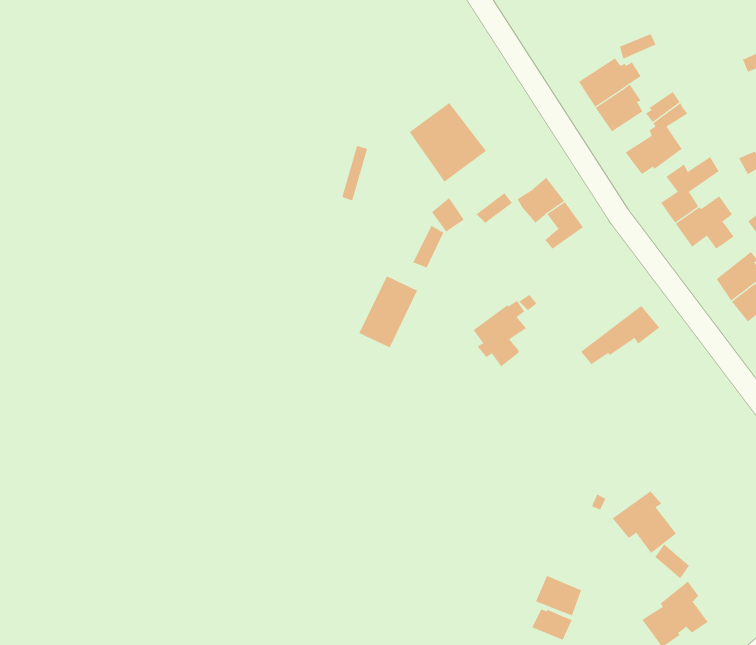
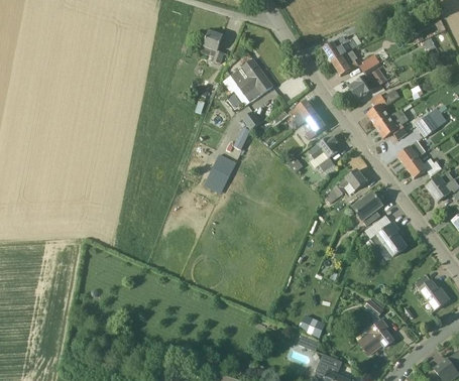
building: none -> [202,30,224,63]
building: [473,300,527,367] -> [309,136,338,172]
building: none -> [352,192,382,227]
building: [612,491,677,554] -> [371,223,407,257]

